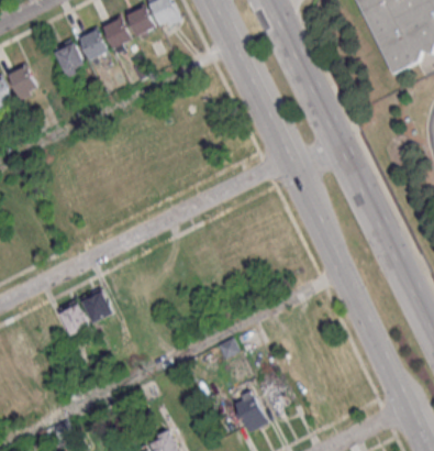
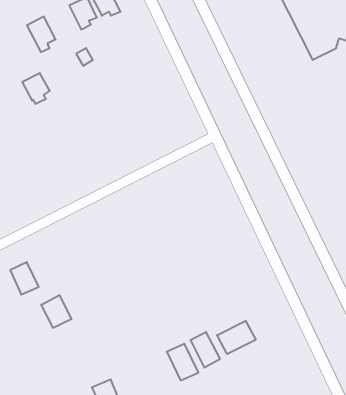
building: [99,14,130,53] -> none
building: [53,43,84,77] -> [22,73,50,104]
building: [78,287,112,323] -> [41,295,72,328]
building: none -> [217,321,256,354]

